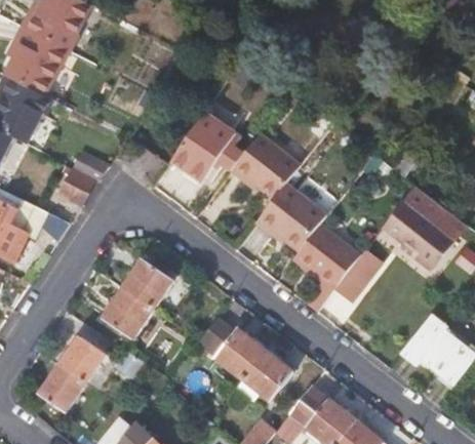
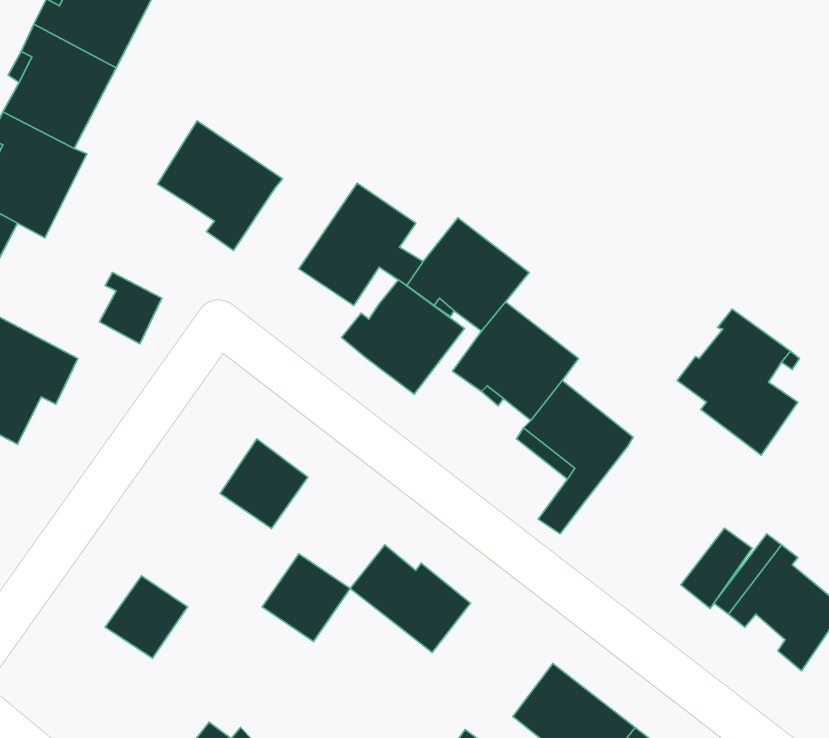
building: none -> [157,121,282,251]
building: none -> [341,280,465,394]
building: [329,263,369,308] -> [681,528,752,609]
building: [105,289,154,338] -> [262,554,350,642]
building: [244,351,293,400] -> none
building: [41,364,87,410] -> none

